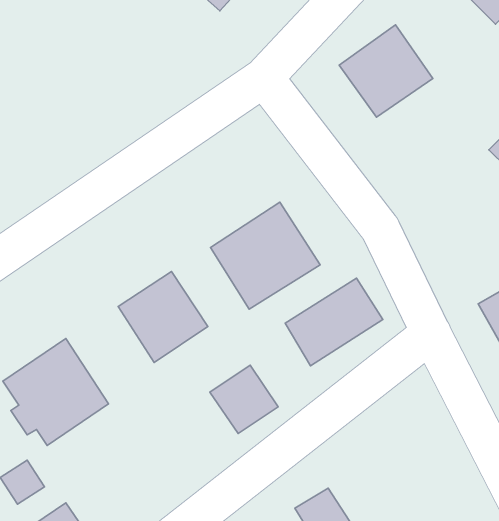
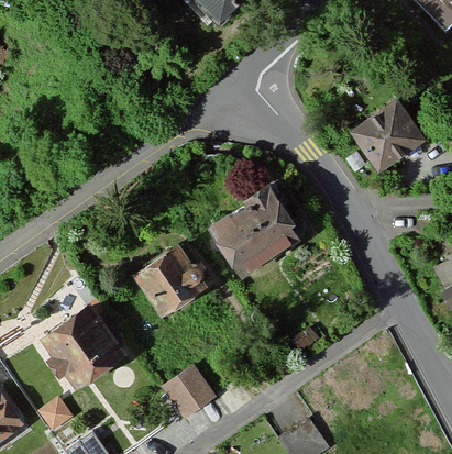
building: [339,25,433,117] -> [348,98,425,174]
building: [285,278,383,366] -> none
building: [210,365,278,434] -> [162,362,218,418]

